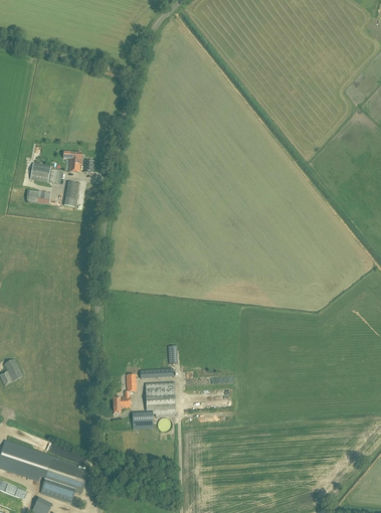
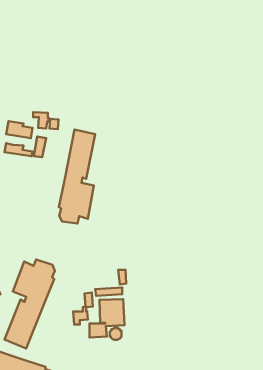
building: none -> [59,129,95,224]
building: none -> [5,259,55,348]

